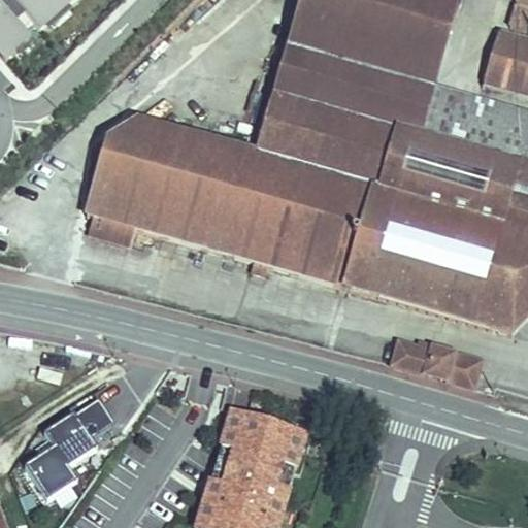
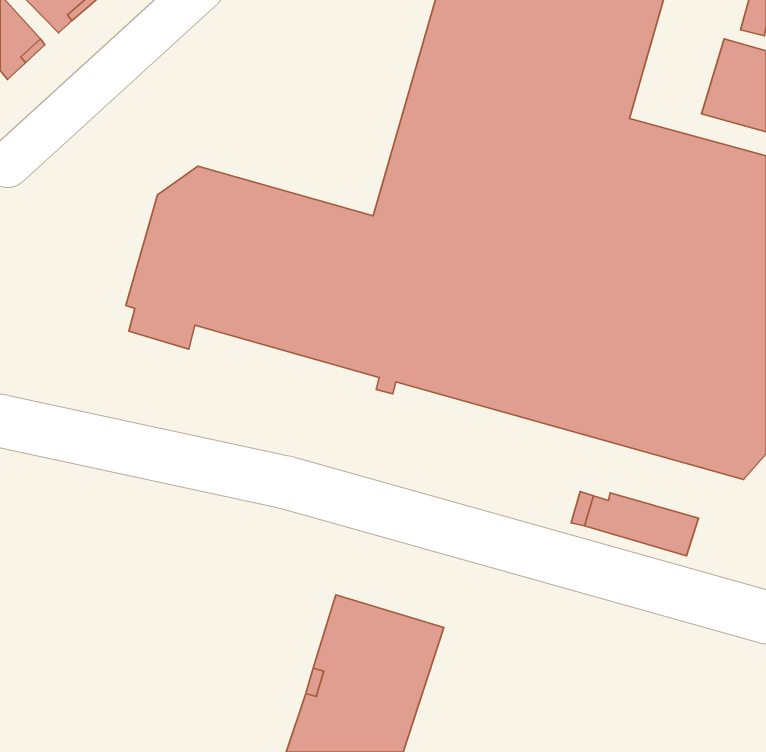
building: [25,393,114,497] -> none

